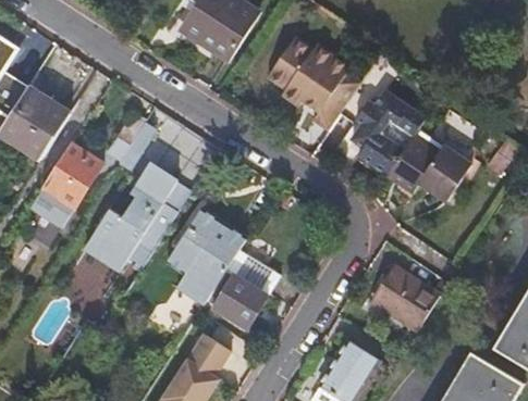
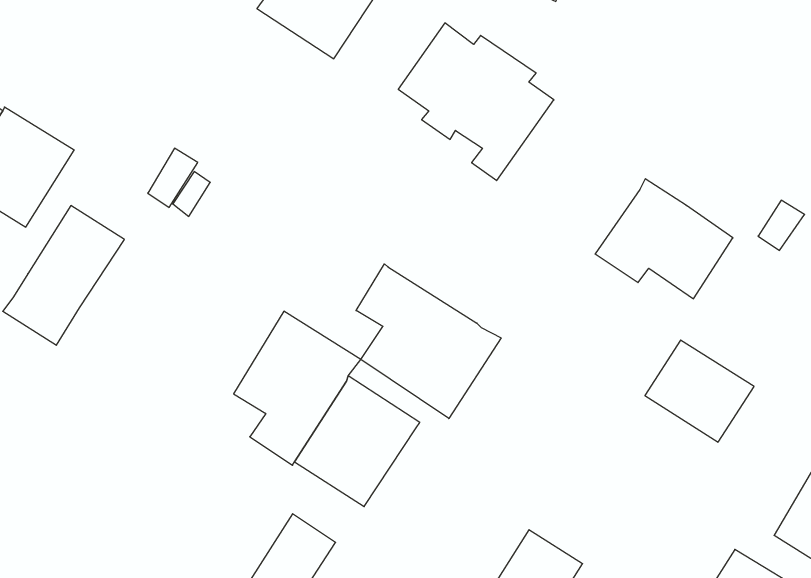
building: [352,90,426,175] -> none
building: [86,163,192,270] -> none
building: none -> [356,264,501,419]
building: [373,268,440,330] -> [645,340,754,442]

